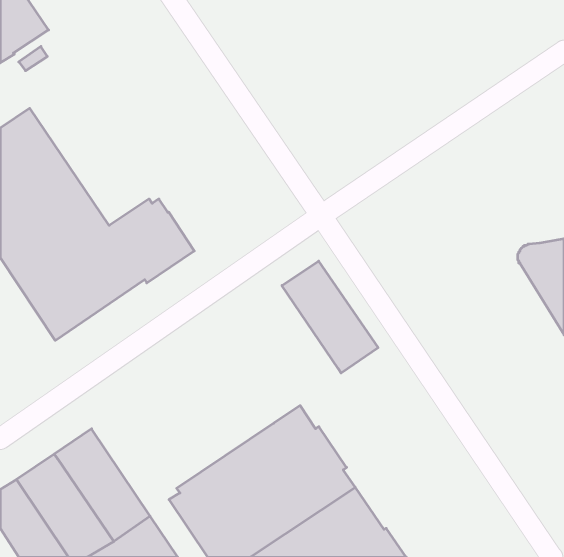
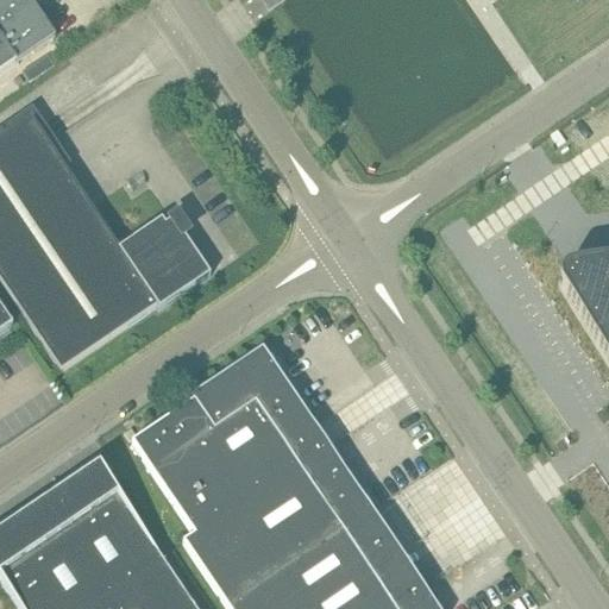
building: [282,261,378,373] -> none
building: none -> [131,346,324,526]

